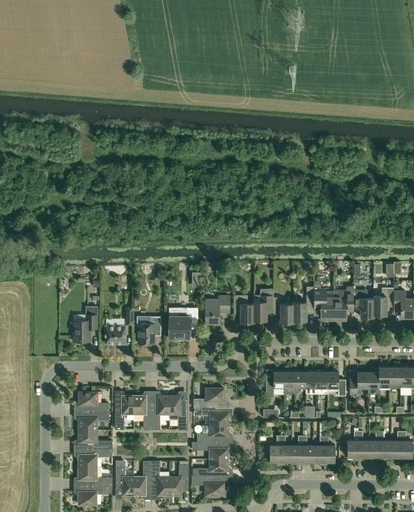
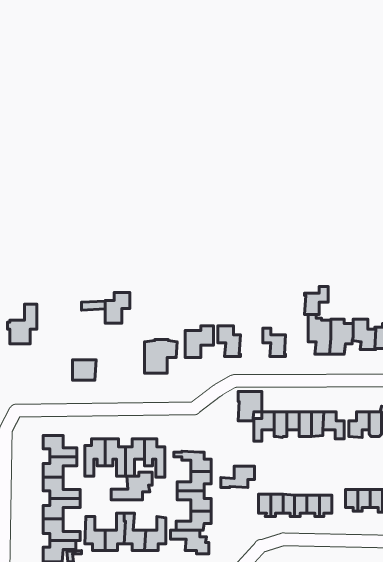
building: [253,295,274,321] -> [238,391,262,421]
building: [293,296,314,321] -> [305,286,328,315]
building: [71,307,97,342] -> [8,304,37,344]
building: [139,317,161,344] -> [105,293,130,323]
building: [194,389,224,408] -> [221,466,255,488]
building: none -> [111,472,152,500]

